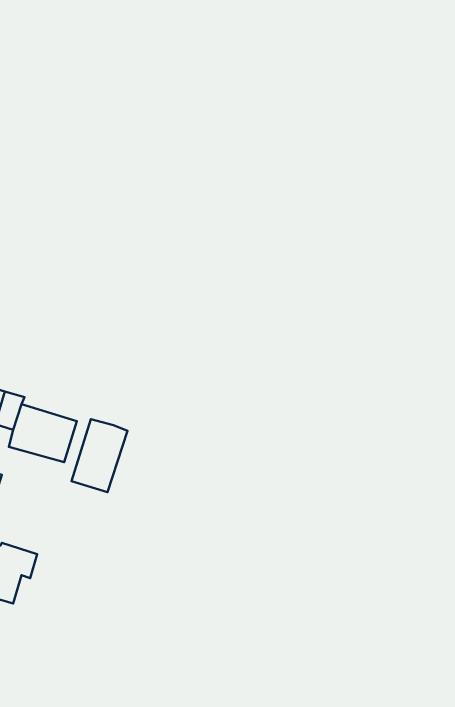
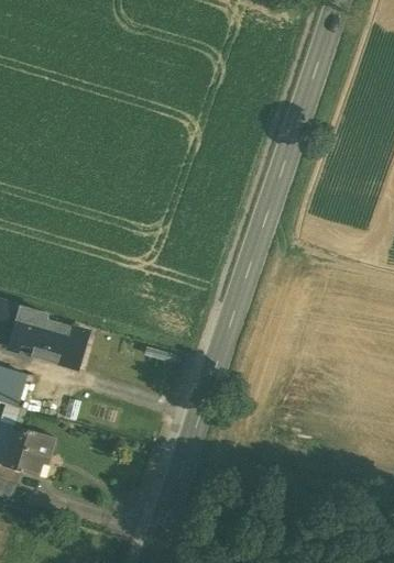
building: [72,419,128,492] -> none

